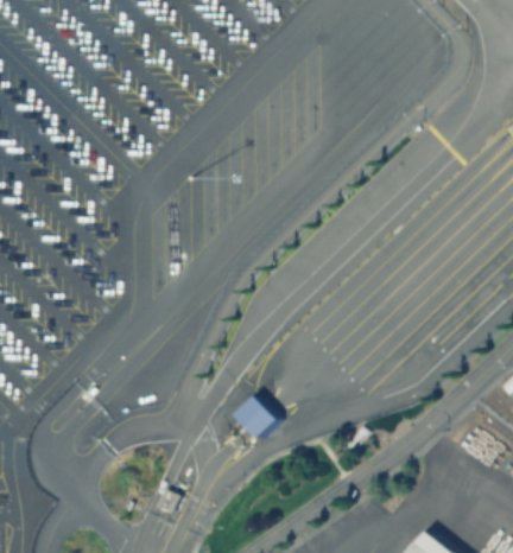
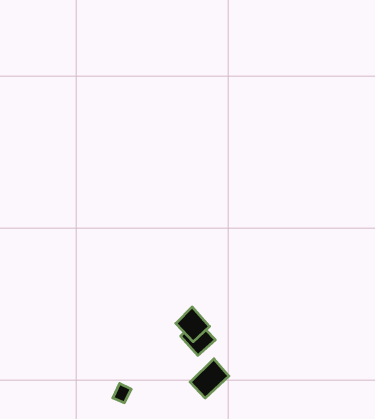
building: none -> [190,359,229,398]

